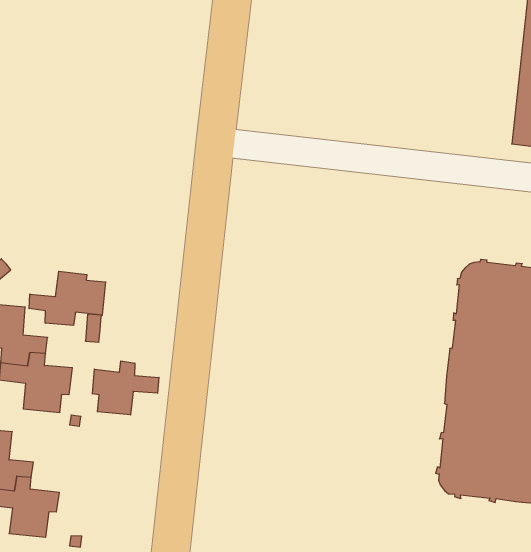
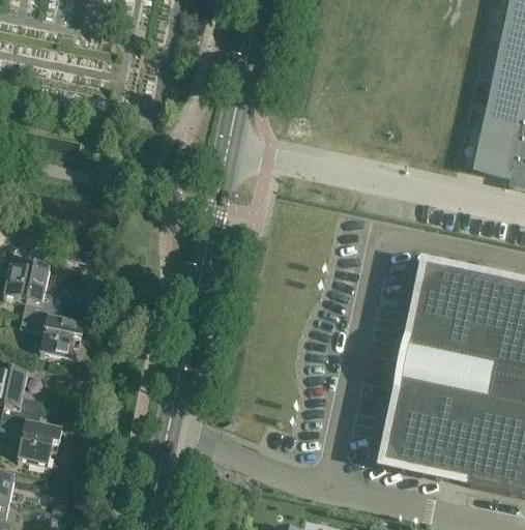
building: [29,271,106,325] -> none
building: [93,361,159,415] -> none

